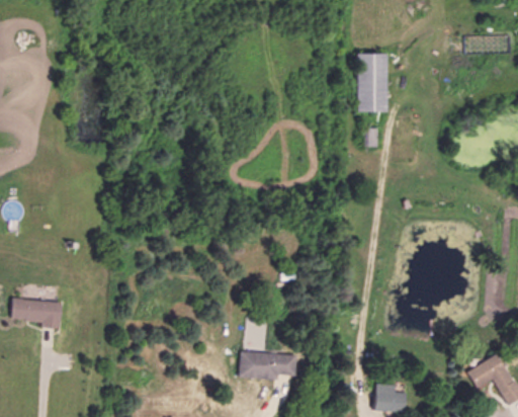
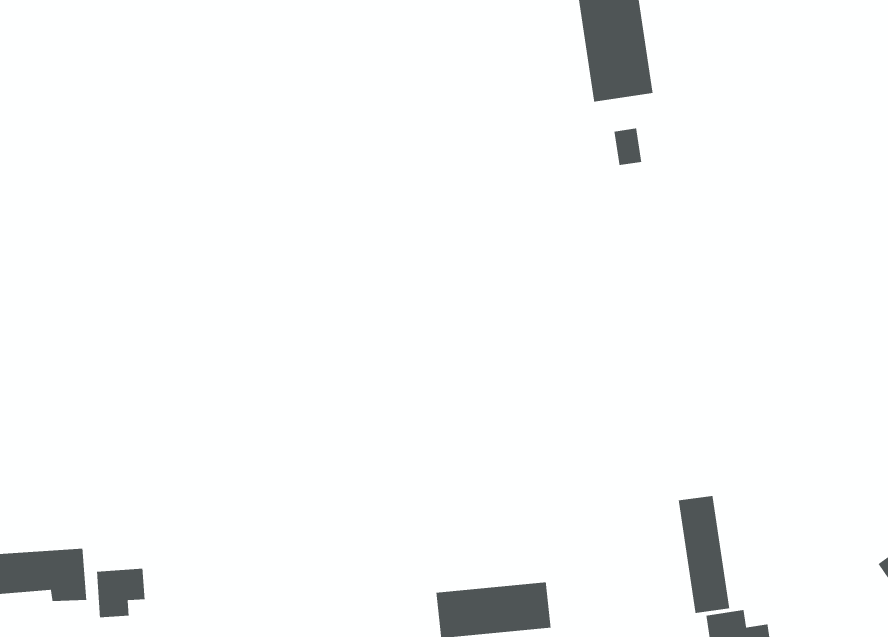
building: none -> [96,568,145,618]
building: none -> [678,495,730,614]

